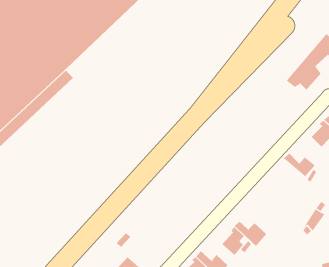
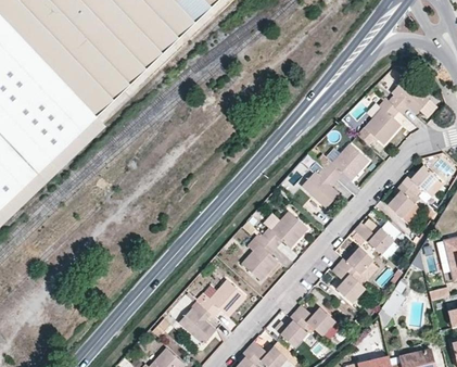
building: none -> [303,141,370,205]
building: none -> [243,210,308,278]
building: none -> [333,246,381,304]
building: none -> [178,279,246,343]

